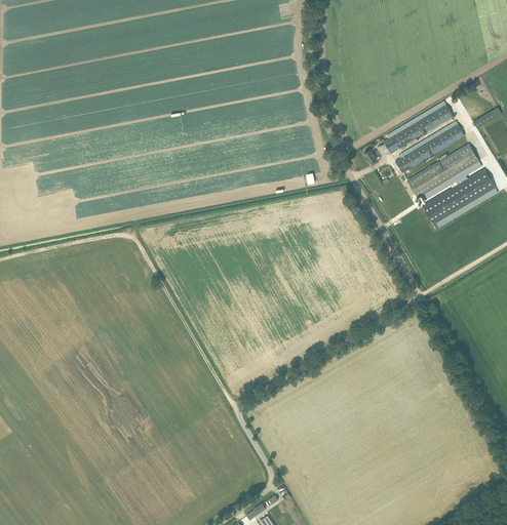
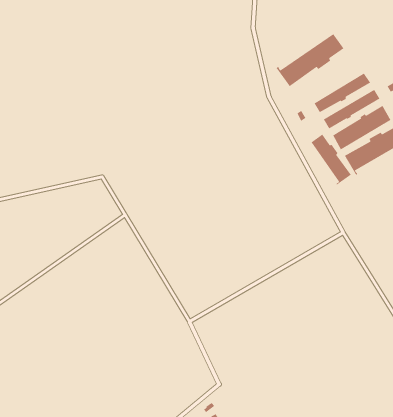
building: none -> [276,33,345,87]
building: none -> [311,134,352,186]

